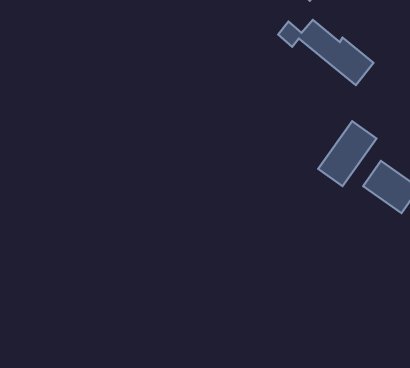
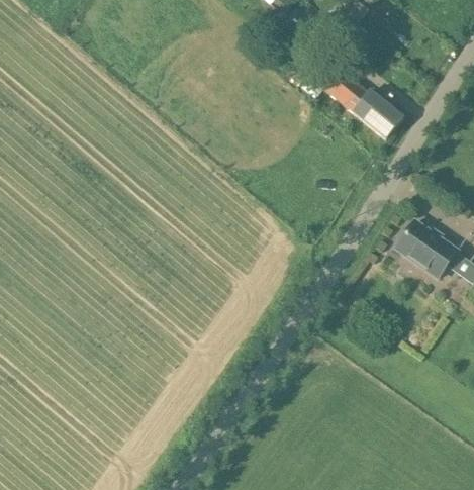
building: [318,121,376,186] -> none

